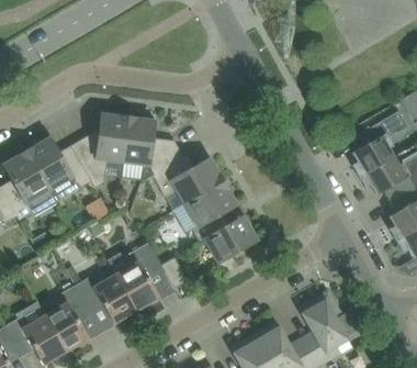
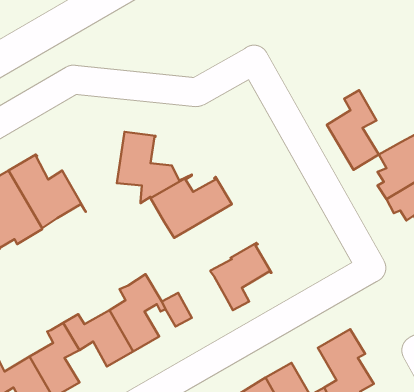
building: none -> [327,90,379,170]
building: [75,113,129,187] -> none
building: [172,180,238,242] -> none

